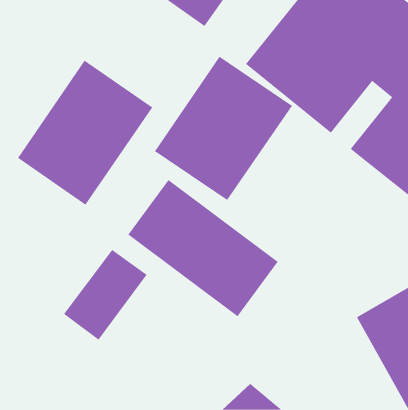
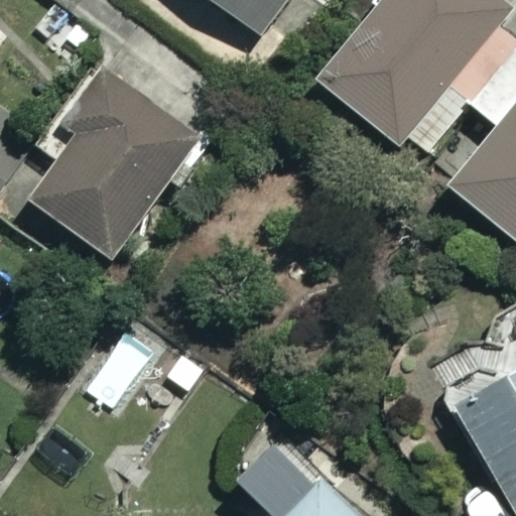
building: [154,56,293,201] -> none
building: [127,179,278,317] -> none

